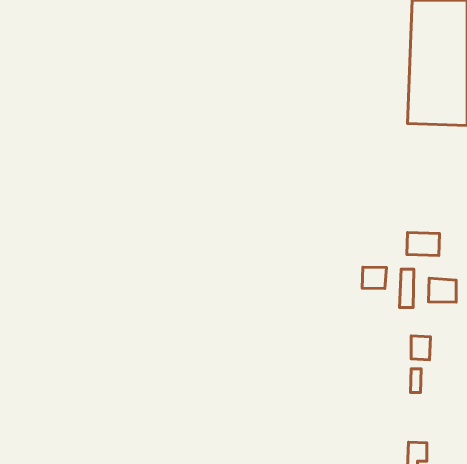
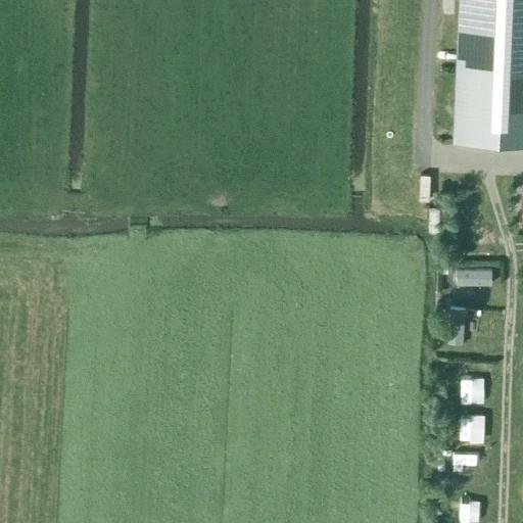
building: [362,267,387,288] -> none
building: [429,278,456,302] -> none

